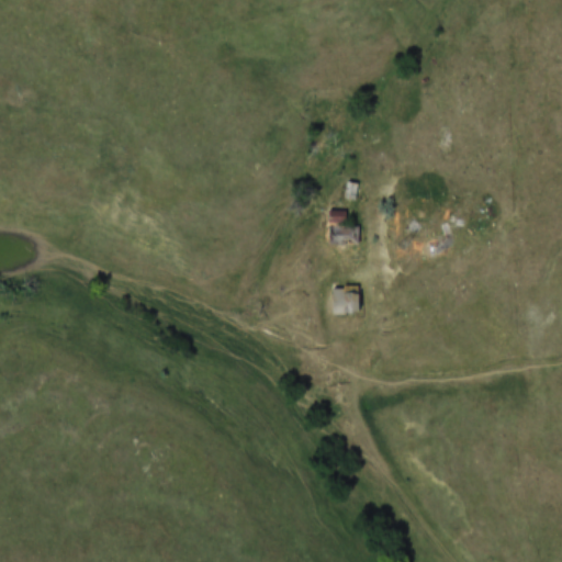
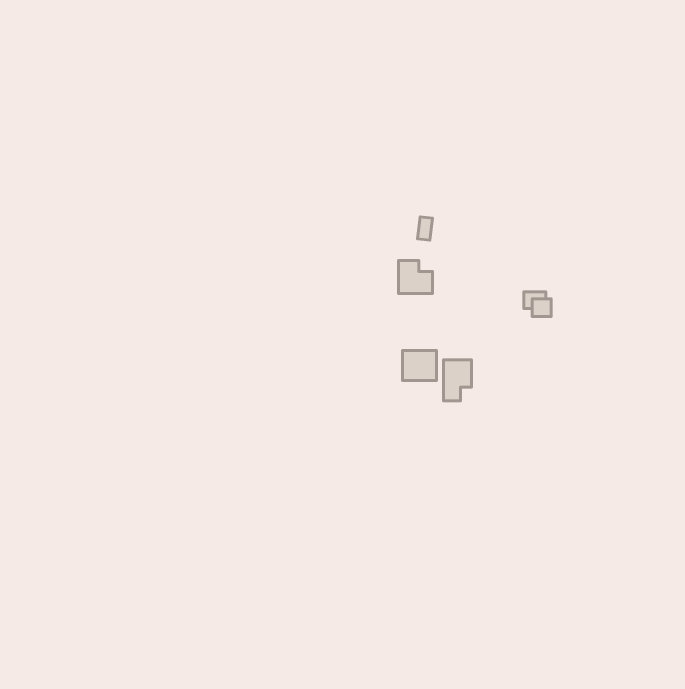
building: none -> [444,360,472,401]

